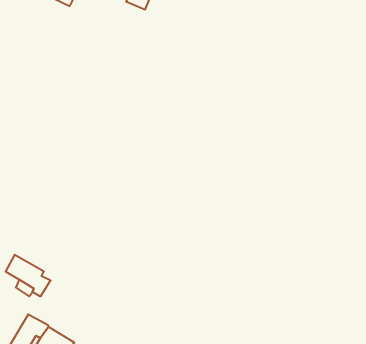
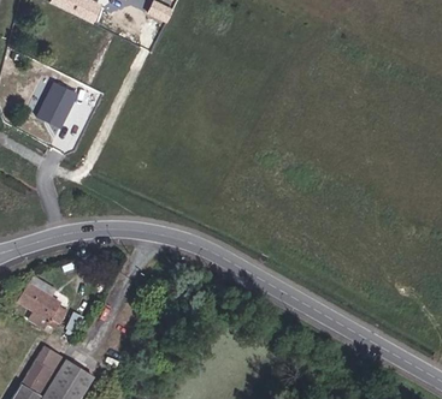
building: none -> [40,82,75,125]

